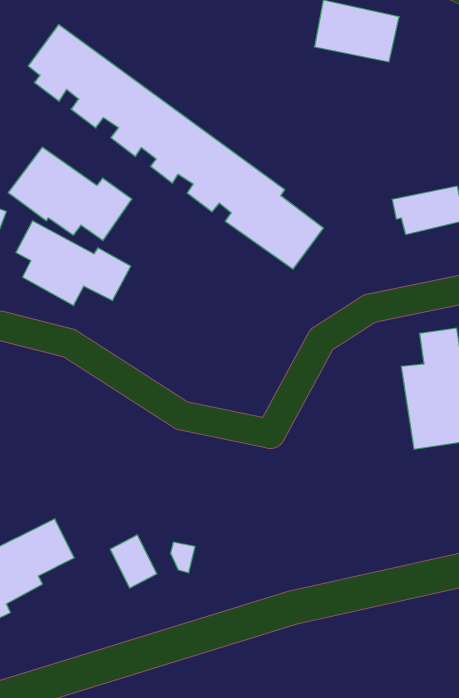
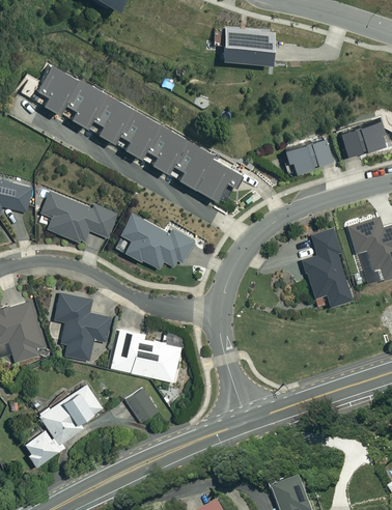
building: [8,147,132,240] -> [113,215,194,271]
building: none -> [53,294,110,362]
building: none -> [111,330,181,382]

